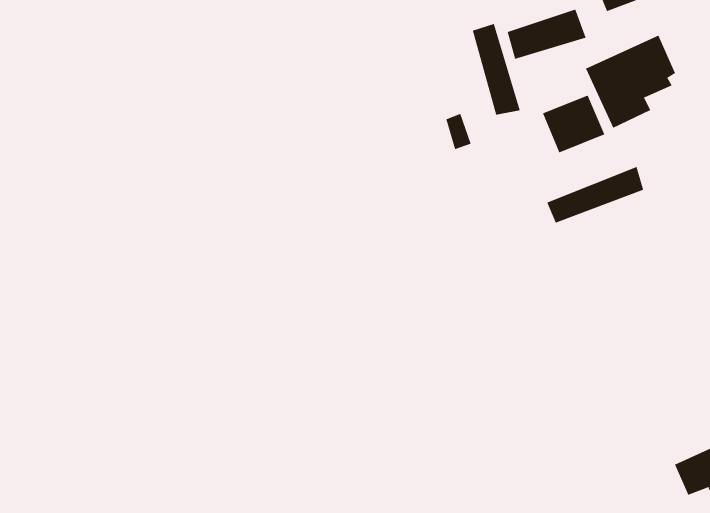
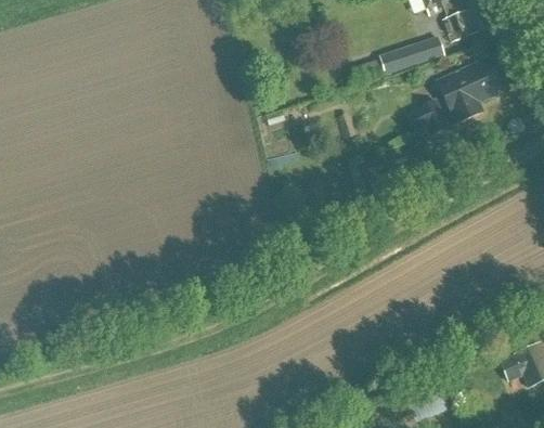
building: [472,23,520,116] -> none
building: [546,166,644,223] -> none

